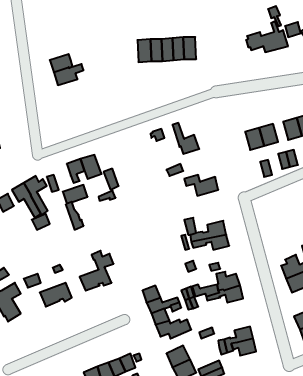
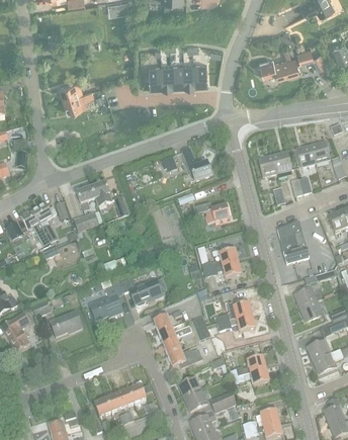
building: none -> [278,231,309,263]
building: none -> [119,276,161,304]

